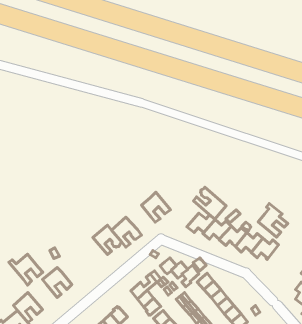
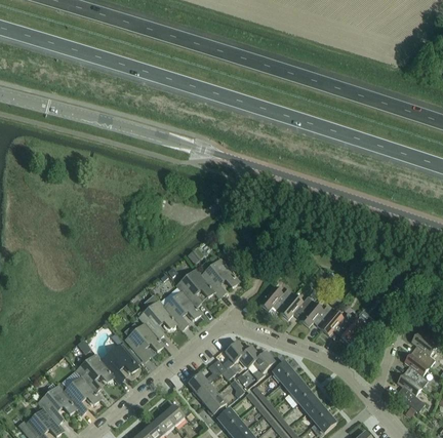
building: [194,187,226,219] -> none
building: none -> [176,269,213,306]
building: [258,203,288,237] -> none
building: none -> [125,322,163,360]
building: [9,254,43,285] -> [57,375,100,414]
building: none -> [100,344,137,383]

